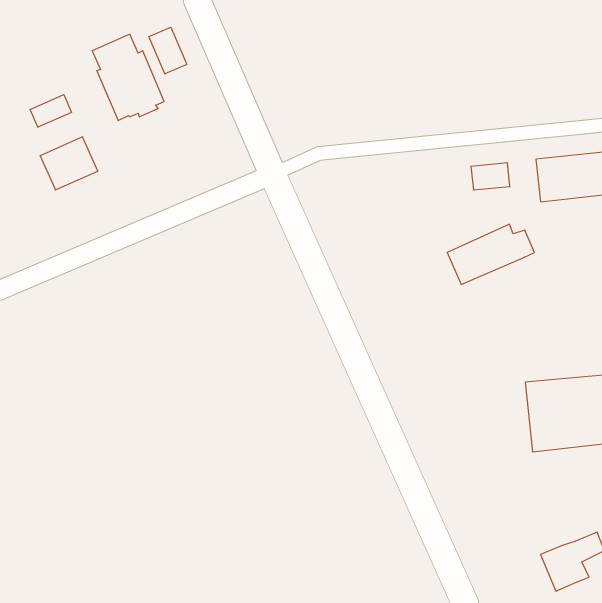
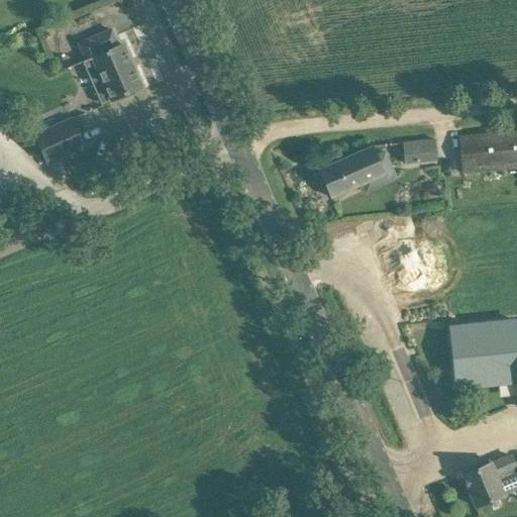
building: [149,27,187,74] -> none
building: [30,95,71,127] -> none
building: [447,224,534,284] -> [320,145,395,197]

